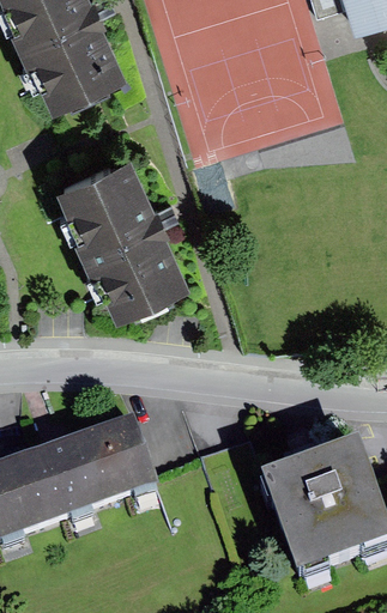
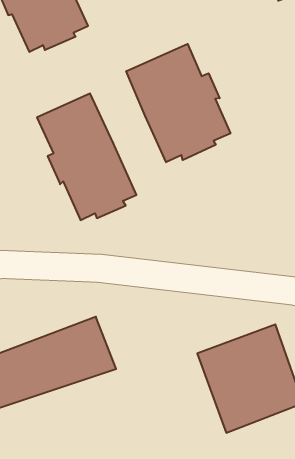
building: none -> [126,44,230,162]

